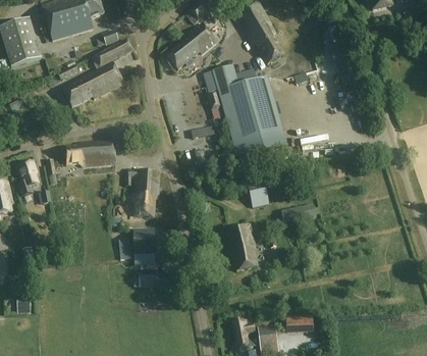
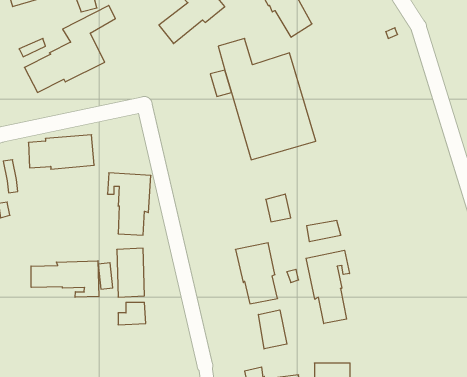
building: none -> [306,250,349,324]
building: none -> [31,261,99,297]
building: none -> [258,310,287,349]

